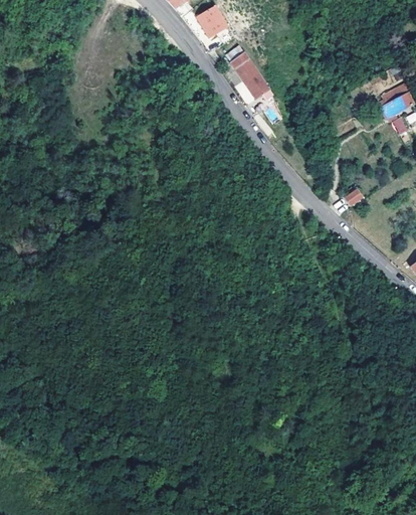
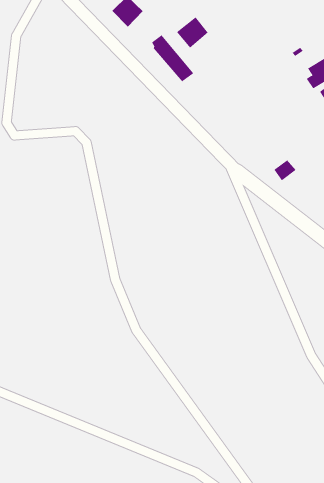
building: none -> [176,16,209,49]

